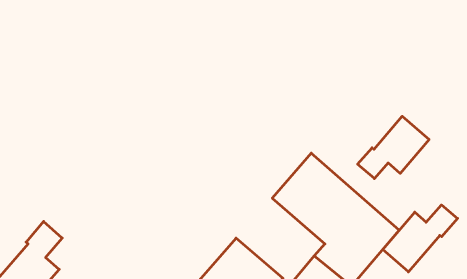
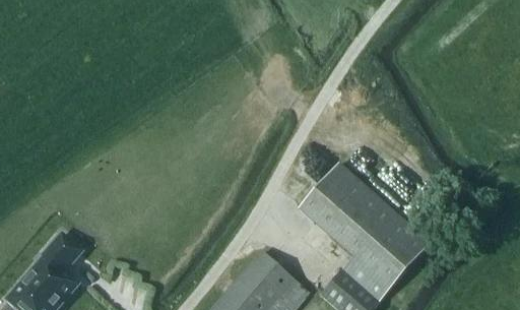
building: [358,116,429,179] -> none
building: [383,205,458,272] -> none

